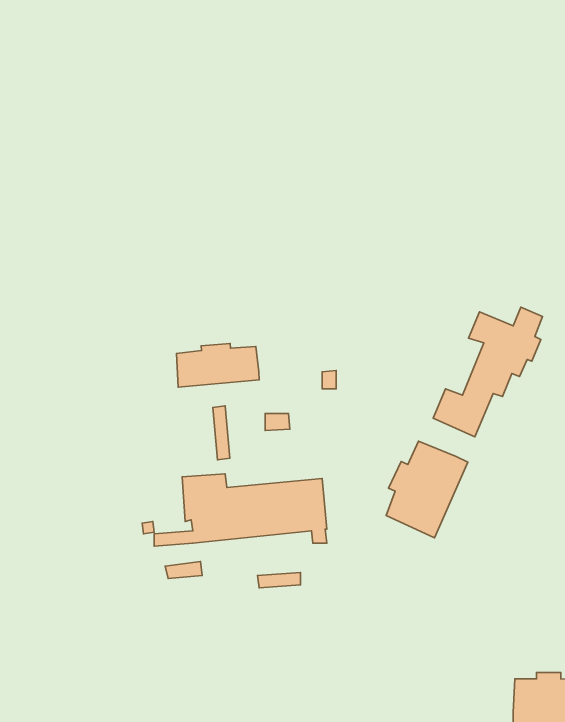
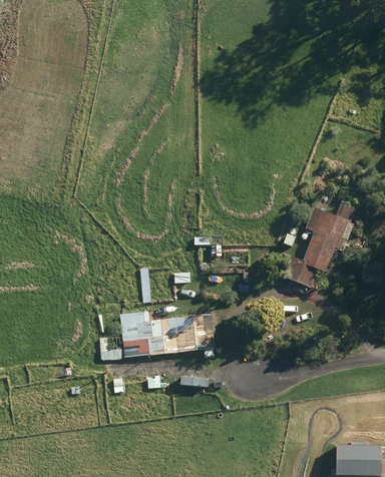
building: [176,344,259,387] -> none
building: [386,441,468,538] -> none

